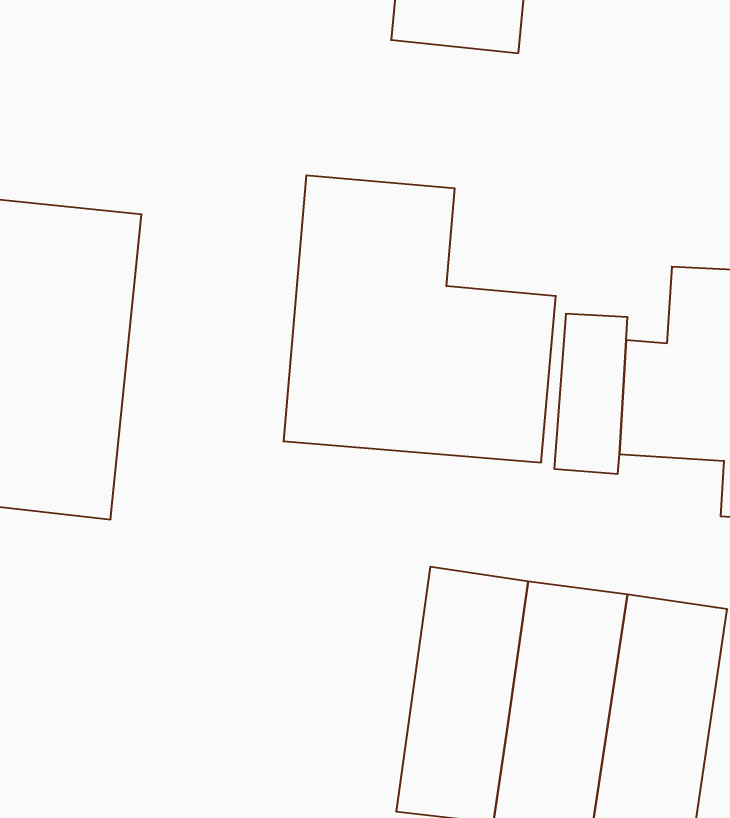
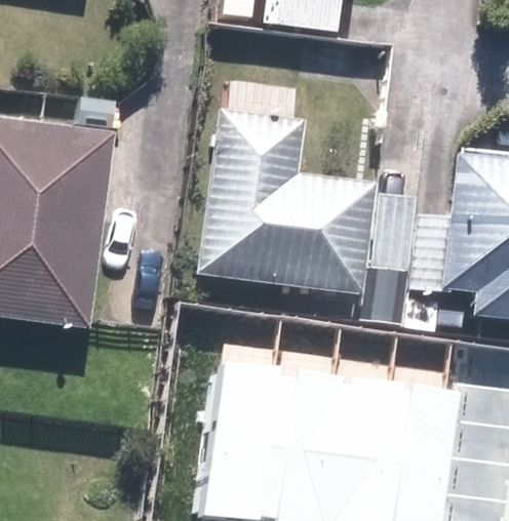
building: none -> [208,350,290,512]

